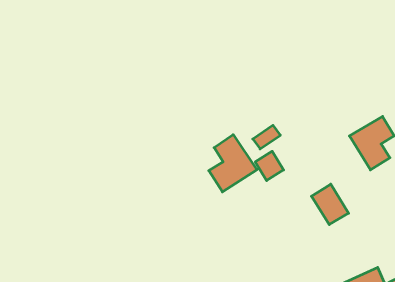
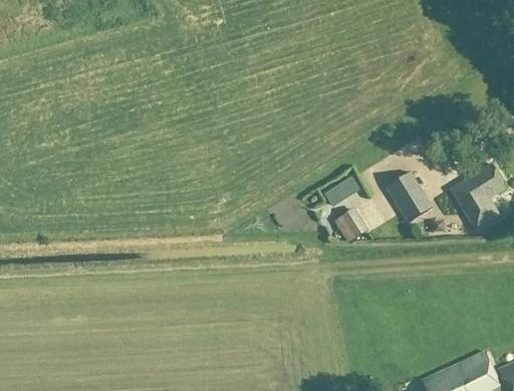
building: [209,135,257,192] -> none
building: [311,184,349,225] -> [386,171,432,221]

